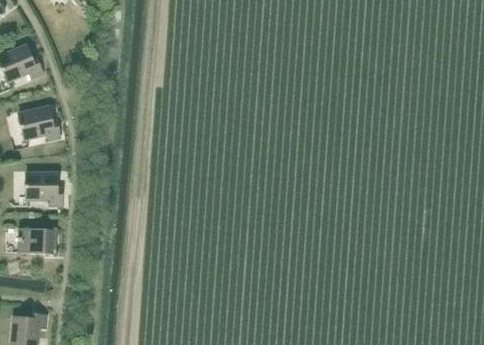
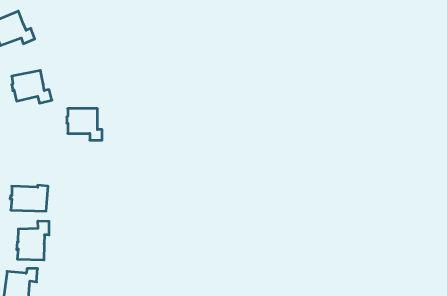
building: [26,171,63,204] -> [67,109,102,140]
building: none -> [17,221,49,260]

